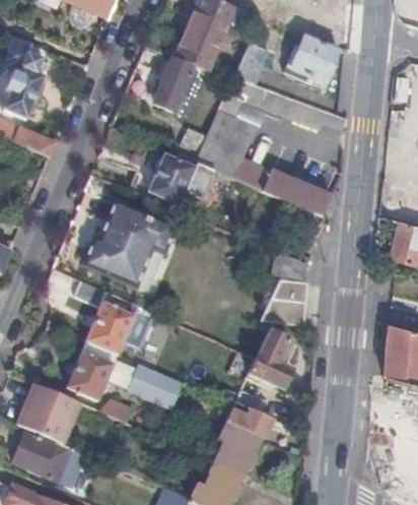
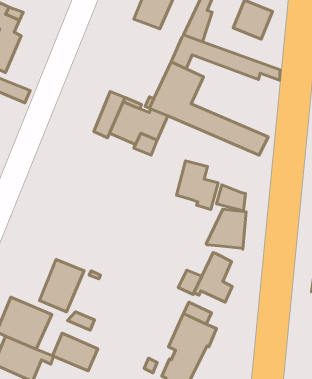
building: [154,58,193,113] -> none
building: [82,201,175,287] -> none
building: none -> [177,161,218,210]
building: [74,280,137,353] -> none
building: [128,364,181,407] -> [53,333,98,371]

